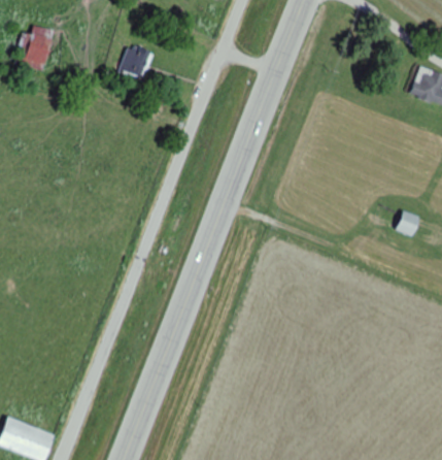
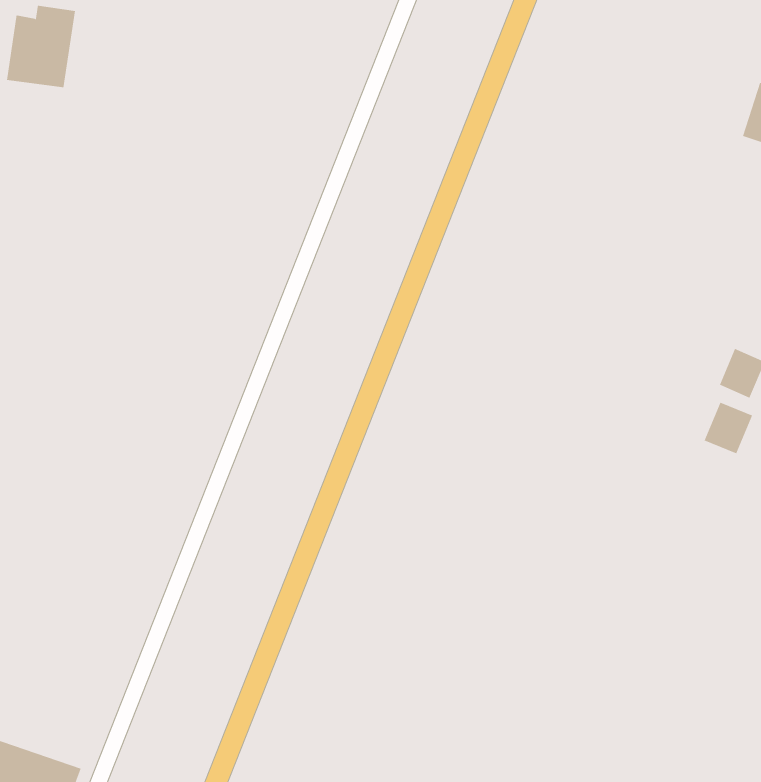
building: [118,42,151,79] -> none
building: none -> [704,402,753,454]

